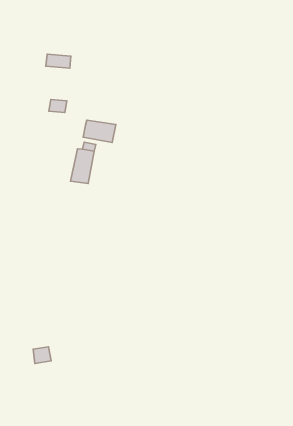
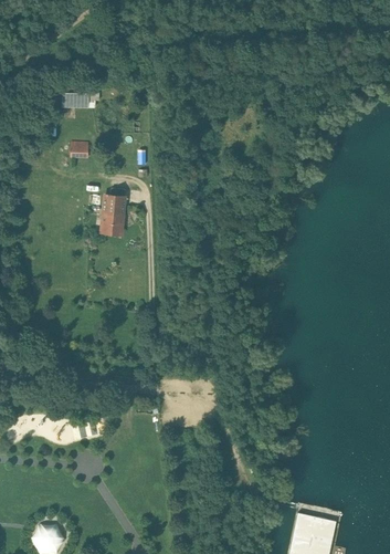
building: [83,120,116,143] -> none

